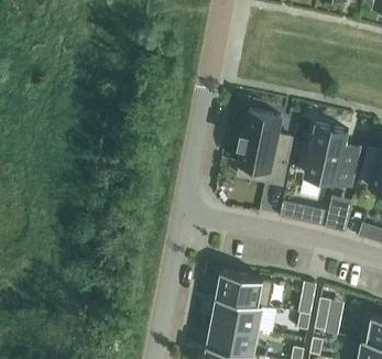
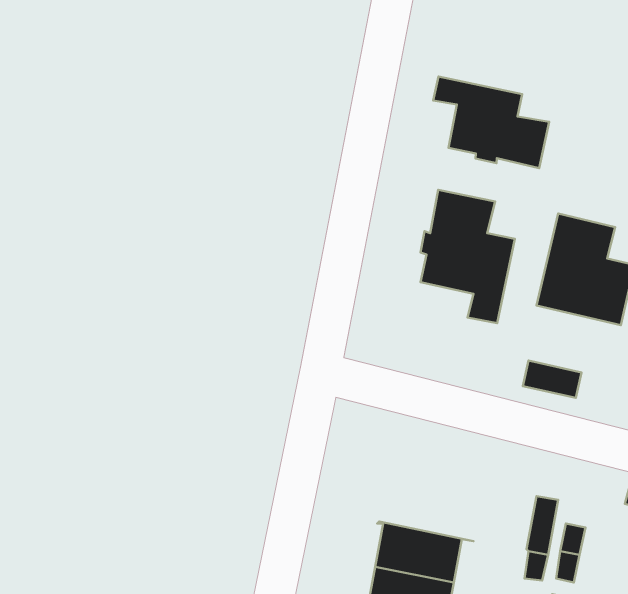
building: none -> [433,77,549,168]
building: [216,273,274,309] -> none

